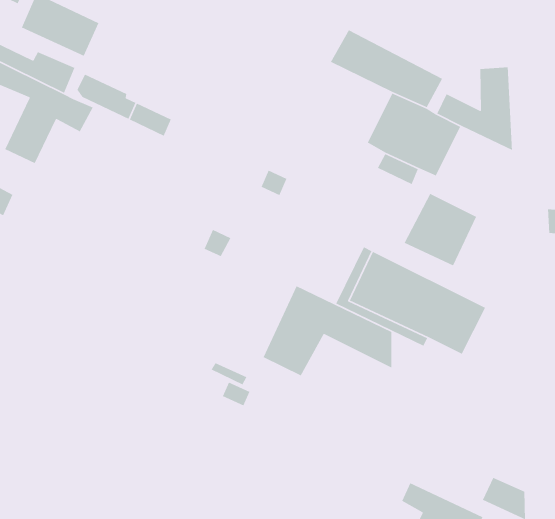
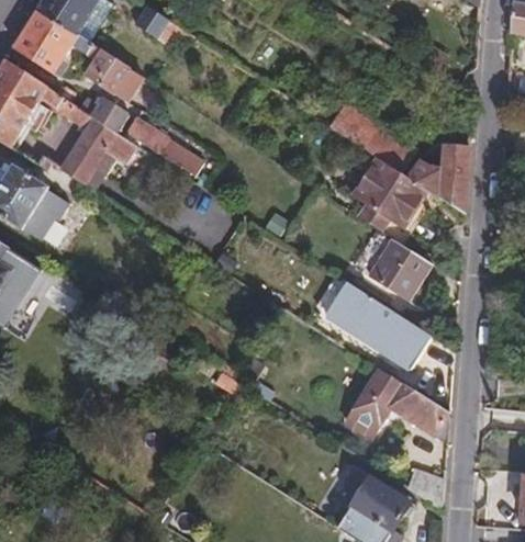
building: [263,285,392,377] -> [343,369,447,443]

